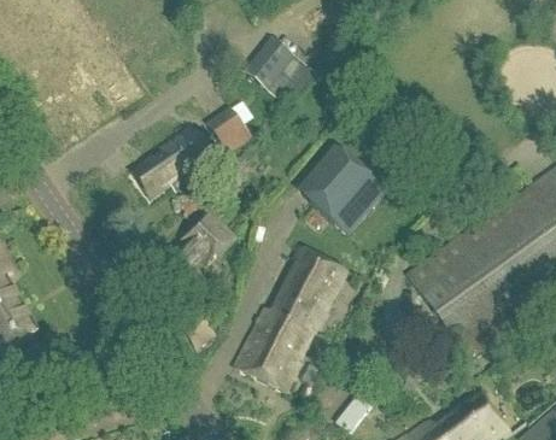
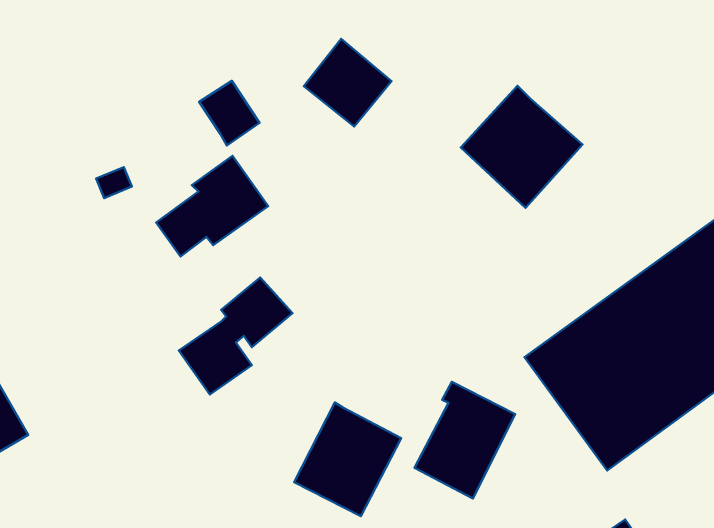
building: [205,107,250,156] -> [199,81,259,146]
building: [297,143,387,234] -> [461,86,582,208]
building: [270,247,345,334] -> [414,382,515,499]

